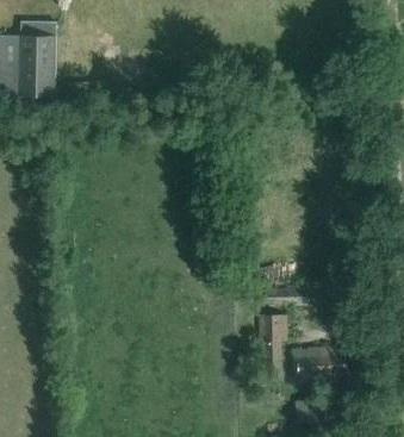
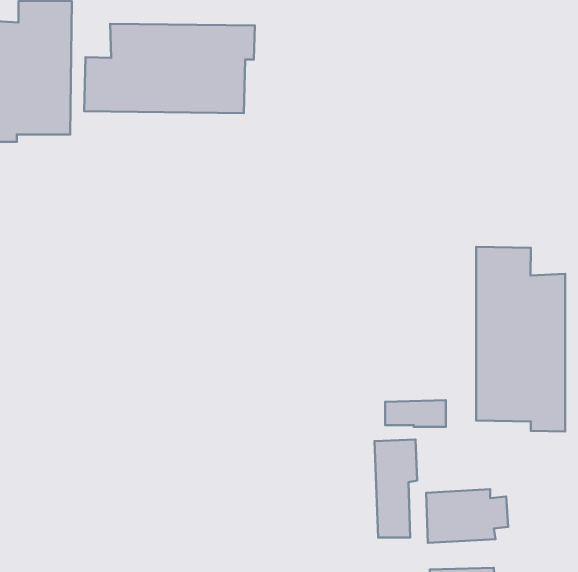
building: none -> [84,24,255,113]
building: none -> [476,247,565,431]

